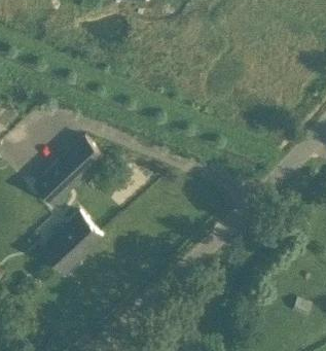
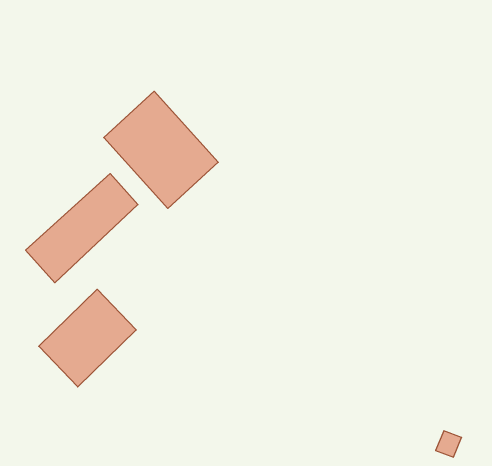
building: none -> [104,91,218,208]

